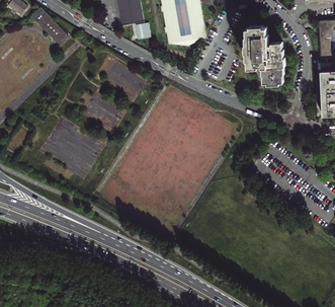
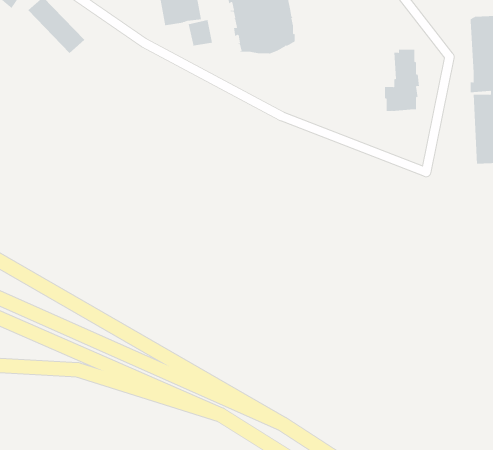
building: [245,27,269,68] -> none

